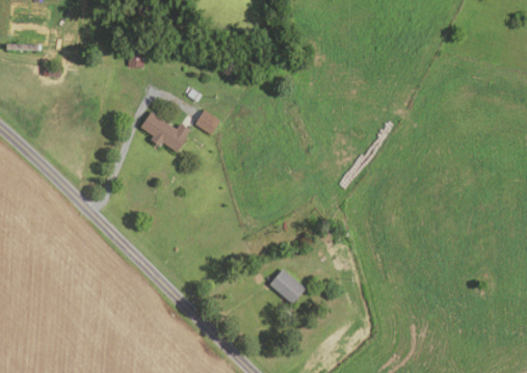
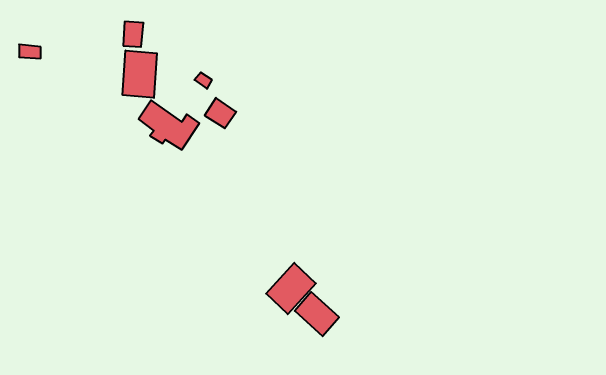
building: none -> [123,50,157,98]
building: none -> [266,263,316,314]

